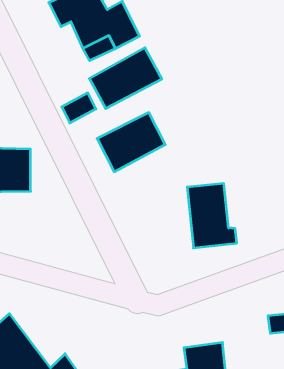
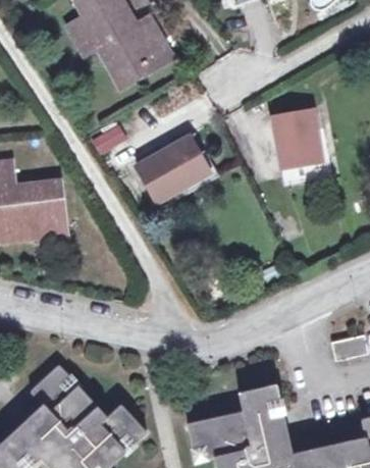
building: [89,48,162,109] -> none
building: [187,184,237,248] -> [270,111,328,183]

